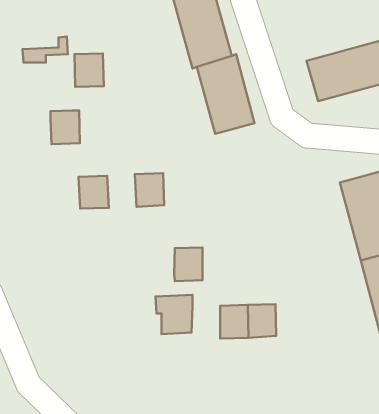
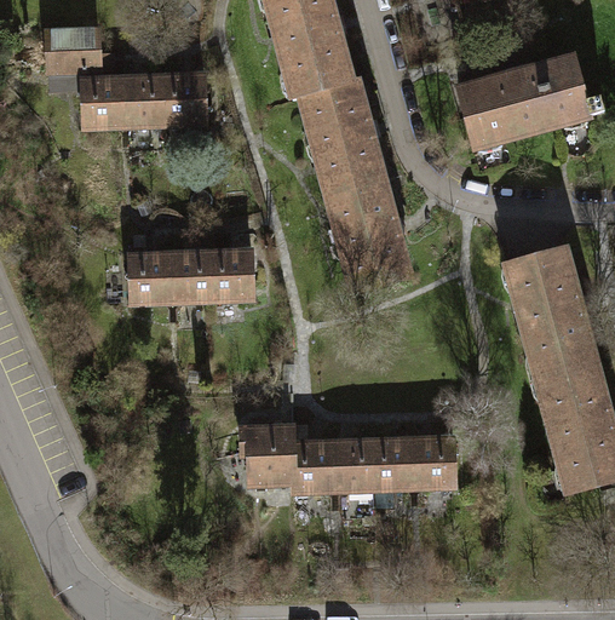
building: none -> [46,29,99,71]
building: none -> [163,76,206,125]
building: [51,110,80,144] -> [81,79,123,127]
building: none -> [326,178,408,291]
building: none -> [169,252,212,300]
building: [174,247,203,281] -> [292,442,333,490]
building: none -> [413,438,454,486]

